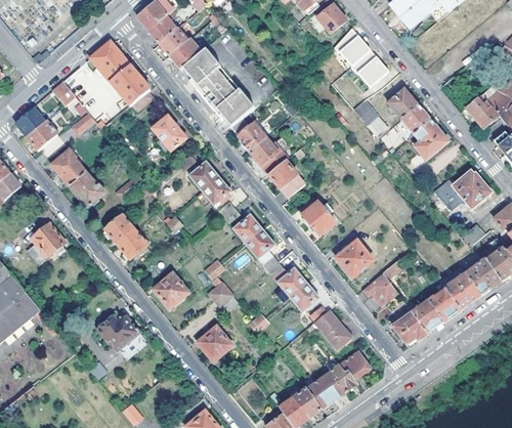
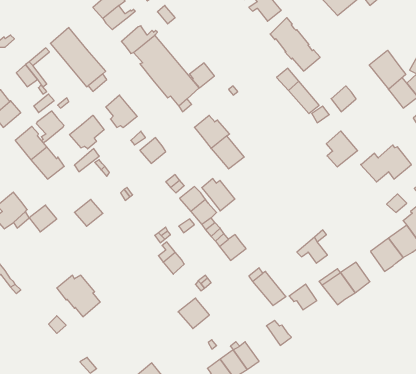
building: [159,27,187,54] -> none
building: none -> [369,50,406,89]
building: [388,88,418,118] -> none
building: [413,118,447,158] -> [326,131,358,167]
building: [239,122,266,149] -> [189,63,214,88]
building: none -> [37,111,64,143]
building: none -> [70,115,104,149]
building: [202,176,230,205] -> none
building: [298,199,335,234] -> [202,179,235,211]
building: [104,214,135,244] -> [29,205,57,232]
building: [337,240,373,276] -> none
building: [155,273,188,307] -> none
building: [290,284,318,311] -> none
building: [429,288,461,320] -> none
building: [198,327,232,360] -> [178,298,209,329]
building: [339,350,370,379] -> [289,284,317,310]
building: [306,370,345,409] -> none

